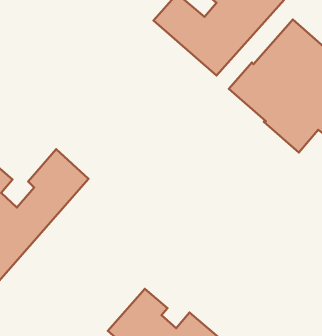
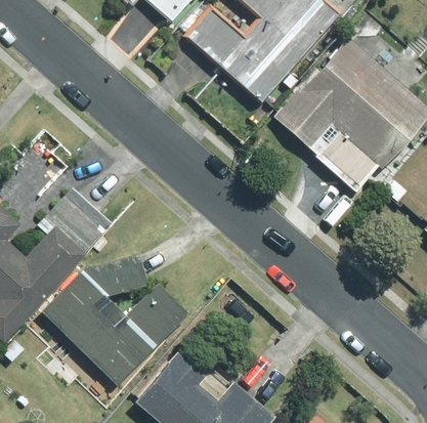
building: none -> [43,254,189,385]

